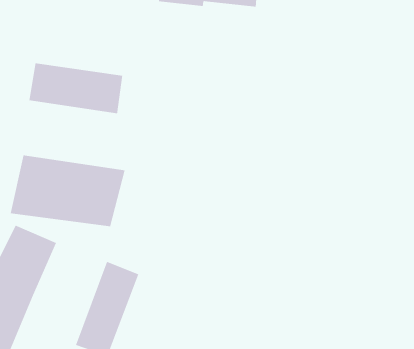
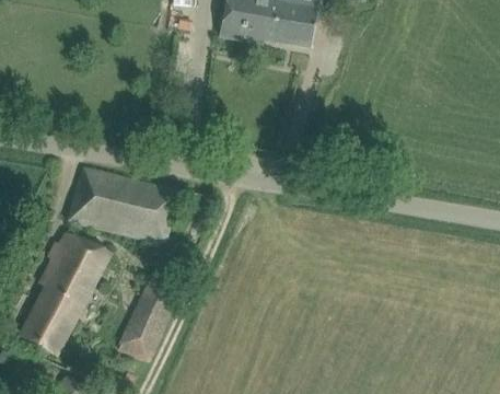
building: [29,62,123,114] -> none

